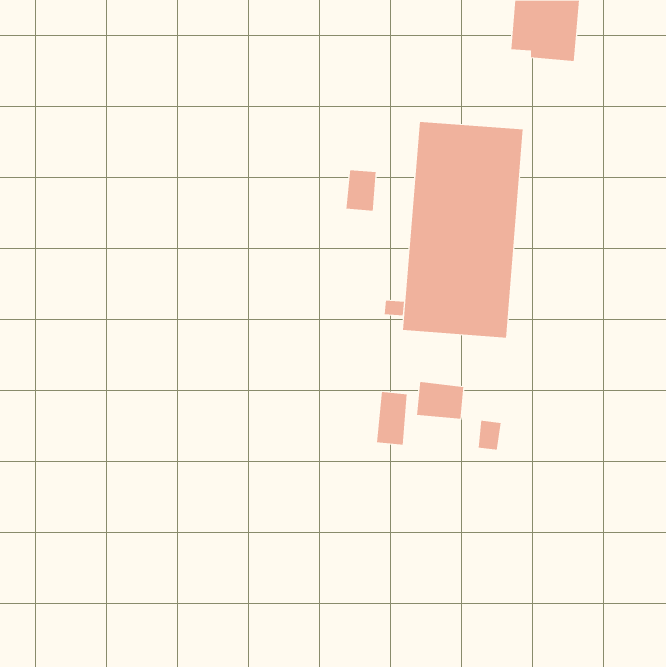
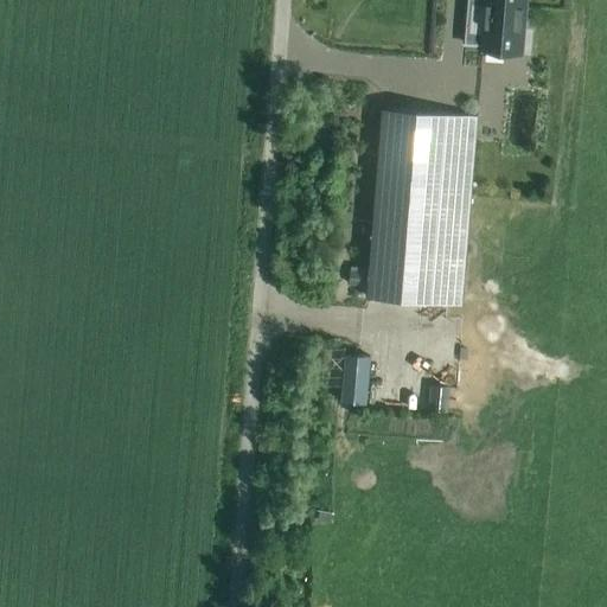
building: [346,170,376,211] -> none
building: [416,381,464,419] -> none

